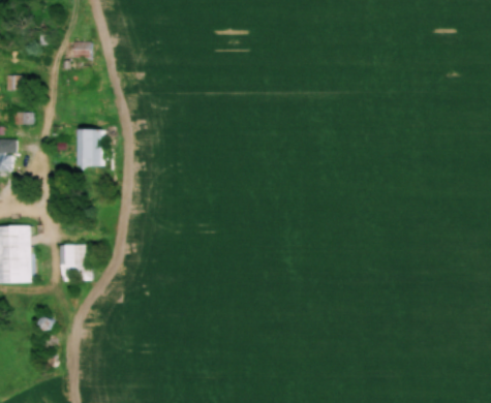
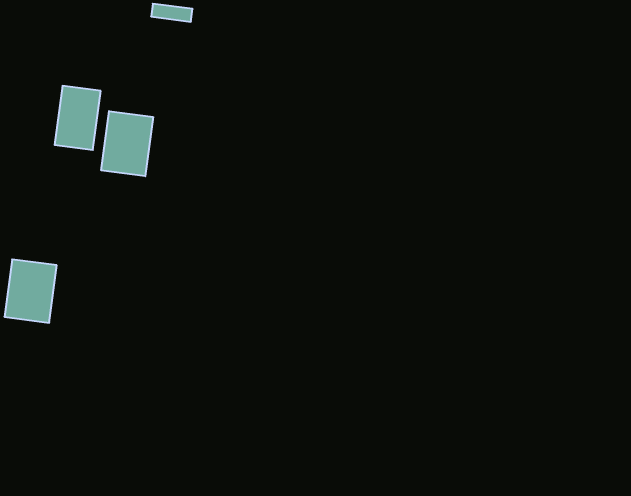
building: none -> [101,111,153,176]

